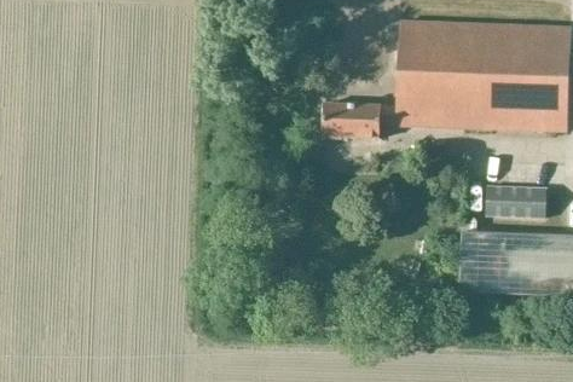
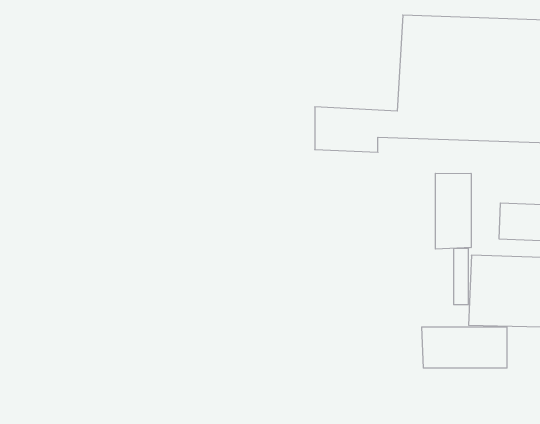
building: none -> [435,173,471,249]
building: none -> [422,327,507,368]

